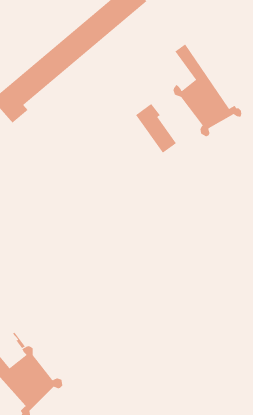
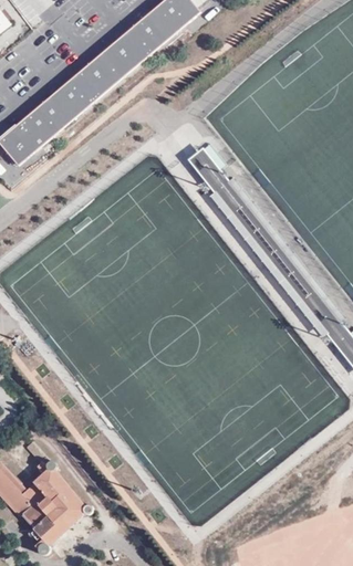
building: [173,43,242,137] -> none

